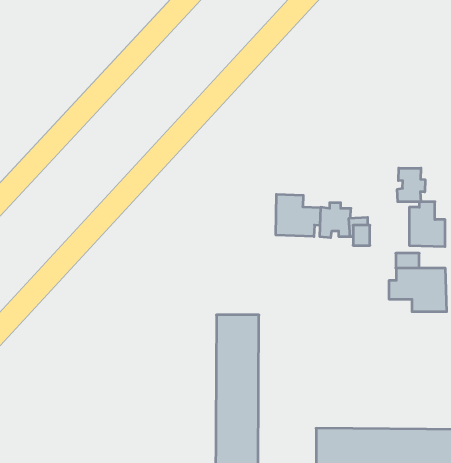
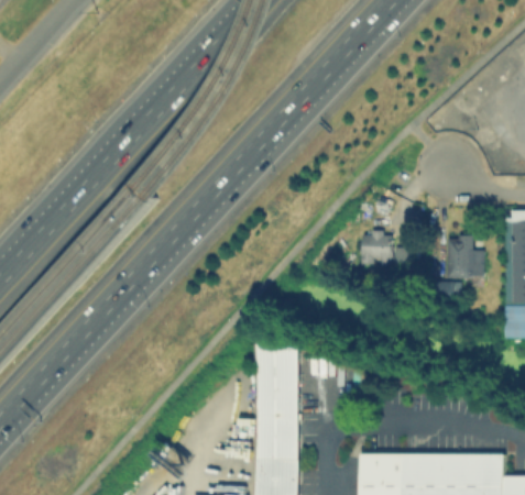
building: [397,168,425,202] -> none
building: [276,194,321,237] -> none
building: [389,268,447,312] -> none

